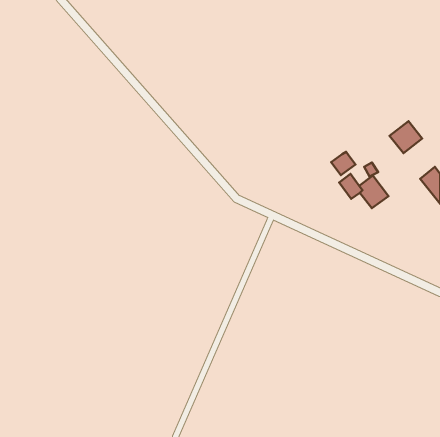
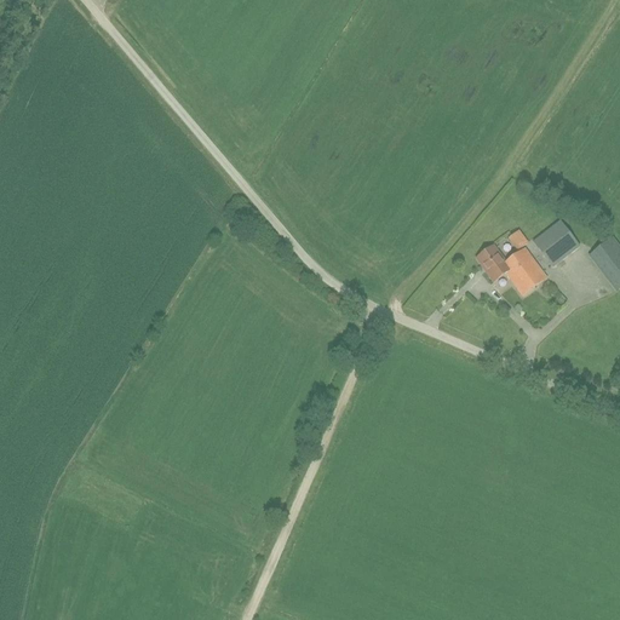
building: [390,121,422,153] -> [533,219,579,264]
building: [331,152,355,175] -> none

